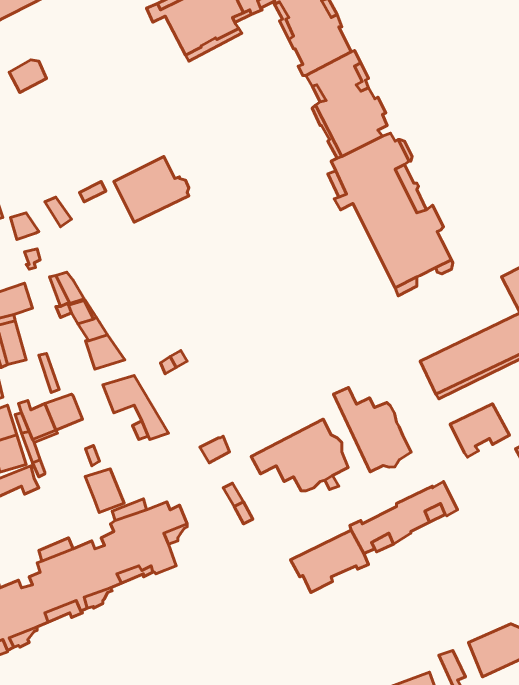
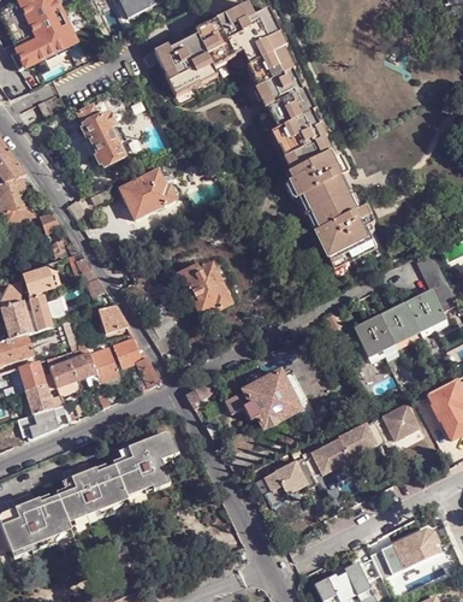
building: none -> [78,106,125,166]
building: none -> [177,264,231,312]
building: [333,388,411,472] -> none
building: [450,404,510,457] -> [373,403,419,444]
building: [85,469,124,512] -> [88,347,118,380]

